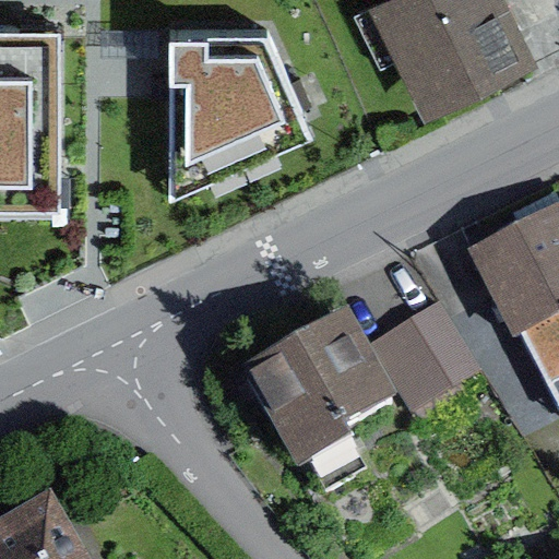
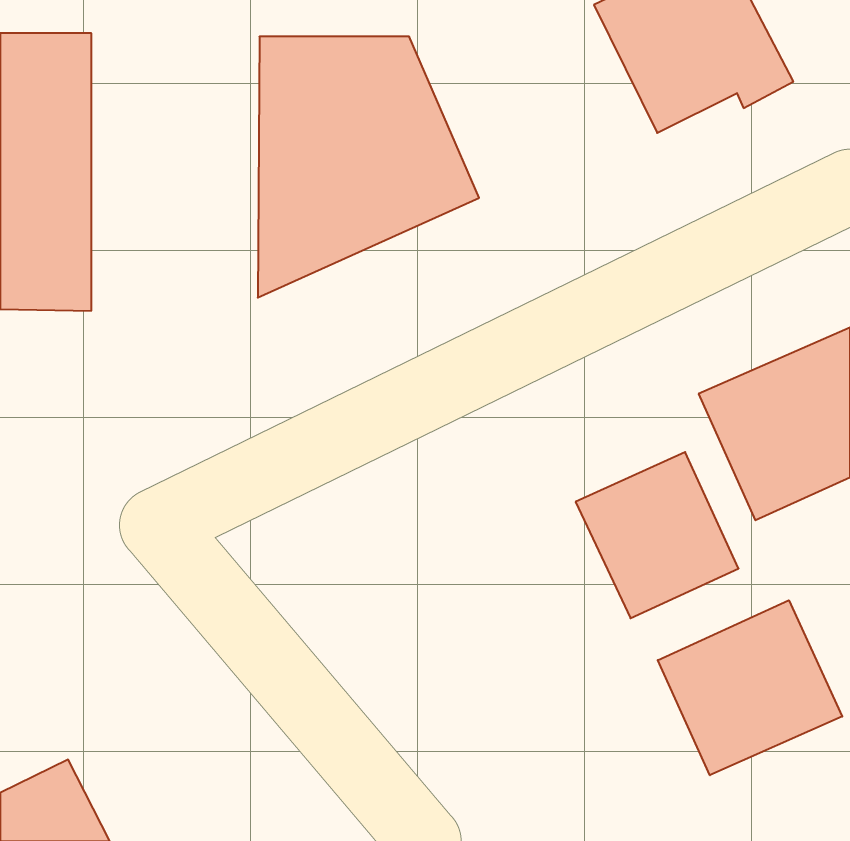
building: [235,317,393,466] -> none
building: none -> [658,600,842,775]

